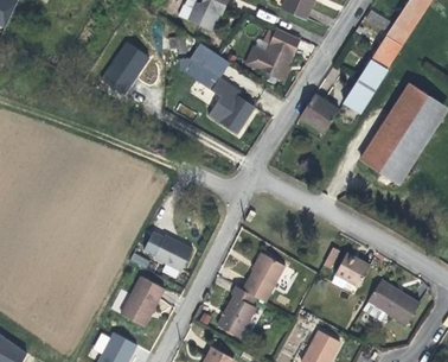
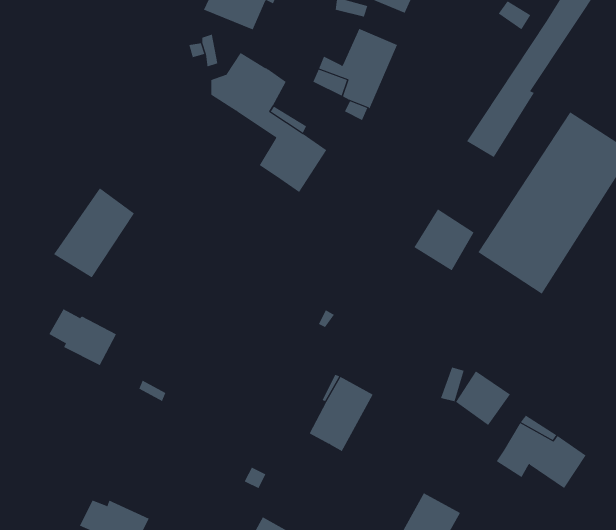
building: [100,40,152,99] -> [53,188,135,278]
building: [299,94,338,134] -> [413,208,475,271]
building: [149,231,193,268] -> [48,308,117,366]
building: [123,280,167,330] -> none
building: [216,285,255,337] -> none

